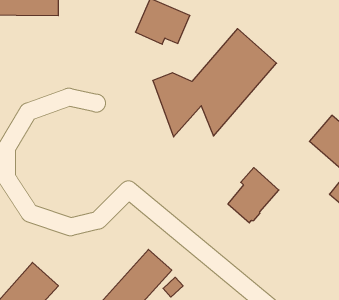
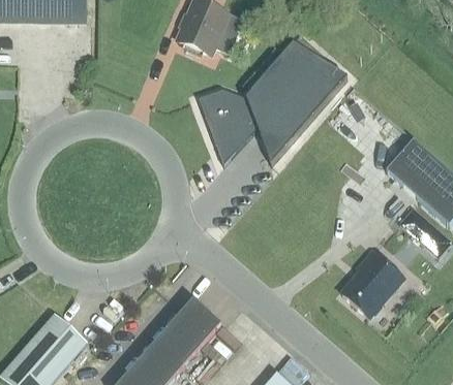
building: [228,168,279,223] -> [341,251,402,317]

